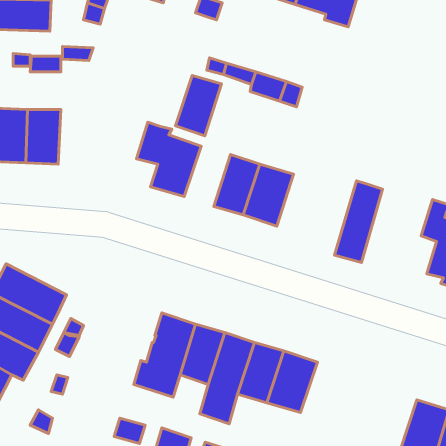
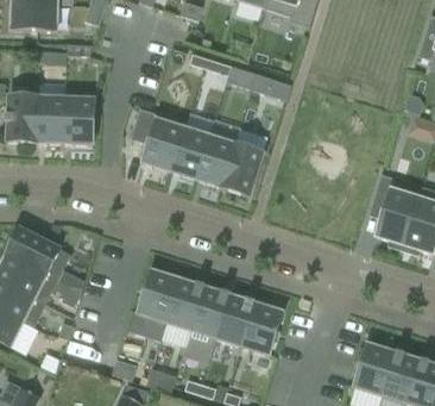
building: [175,75,222,136] -> [170,127,209,179]
building: none -> [63,96,94,144]
building: [335,181,382,262] -> none

